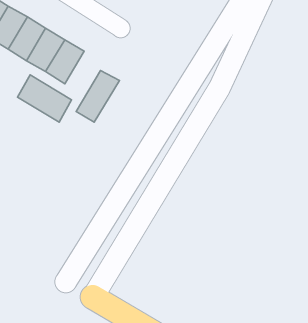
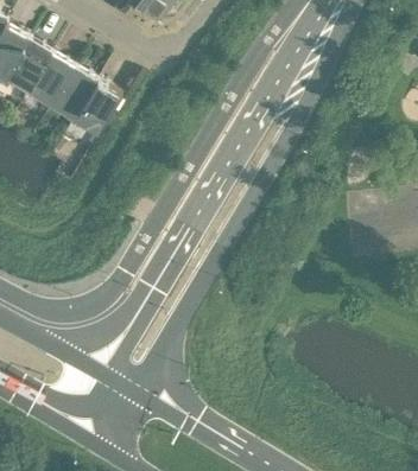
building: [76,70,119,122] -> none
building: [18,75,72,122] -> none

